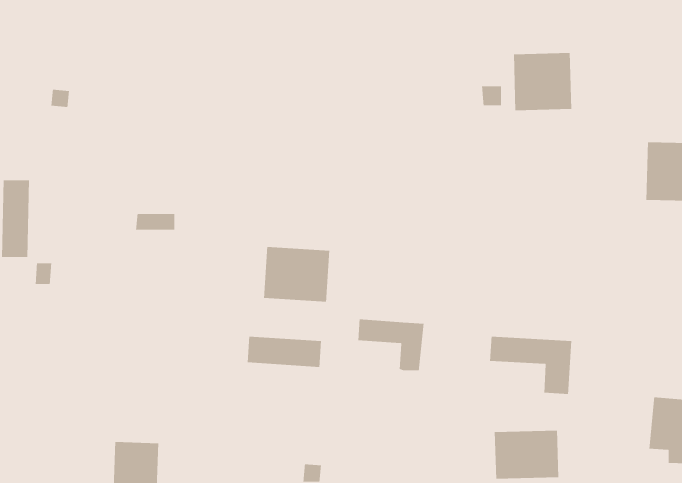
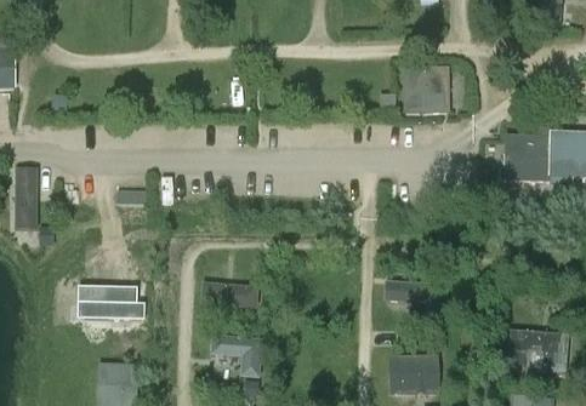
building: [263,246,330,303] -> none
building: [357,318,424,371] -> [211,334,262,374]
building: none -> [79,286,144,318]

